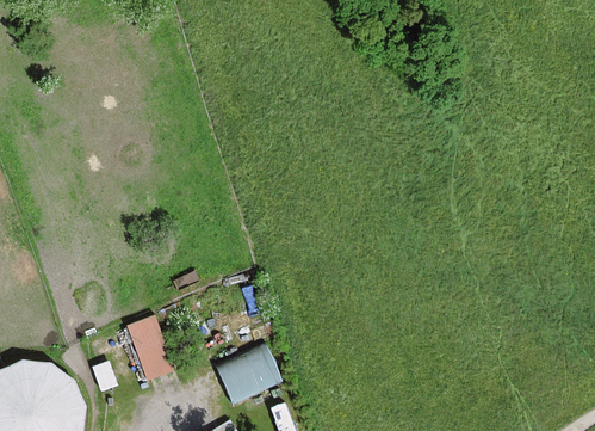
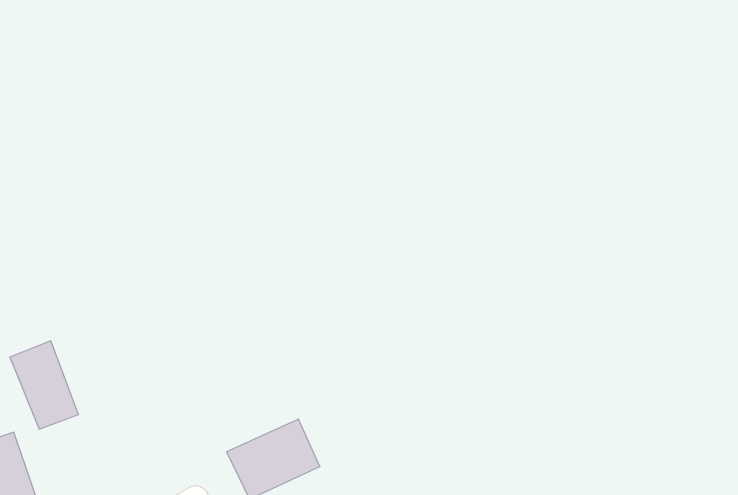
building: [123,319,173,383] -> [10,341,79,429]

